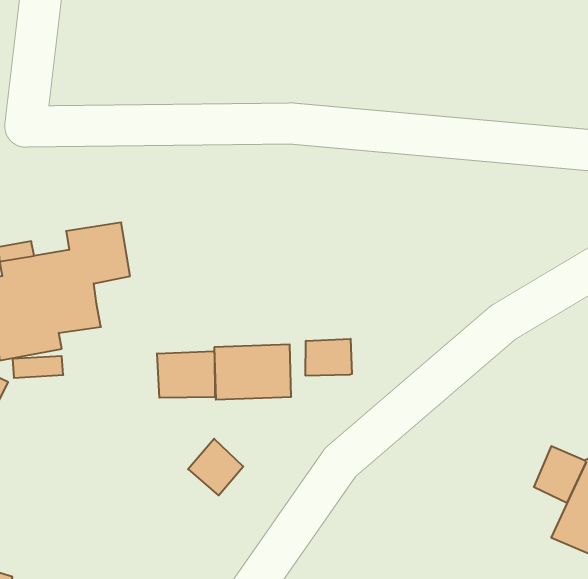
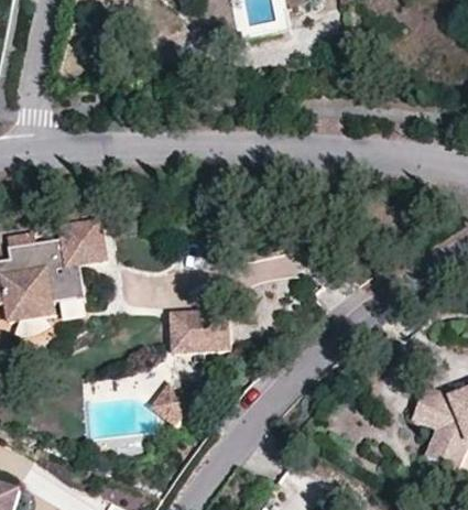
building: [306,339,352,376] -> none
building: [157,351,215,398] -> none

